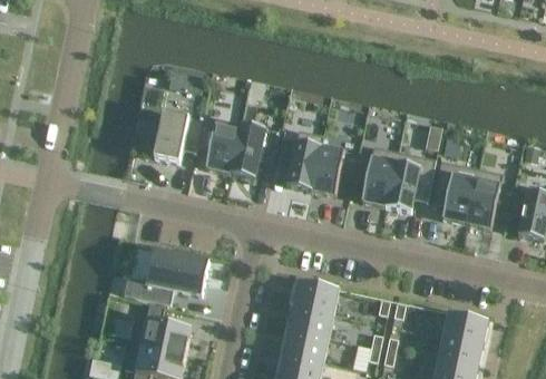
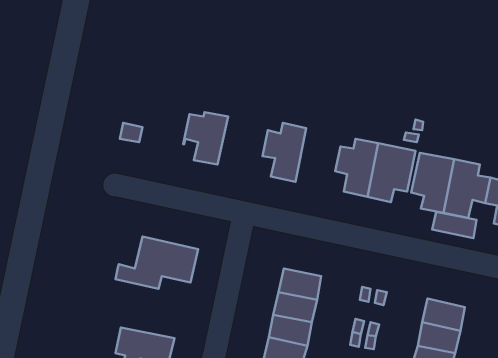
building: [154,111,201,163] -> none
building: [230,123,279,178] -> none
building: [311,135,358,195] -> none
building: none -> [432,212,476,238]
building: [129,303,192,353] -> none

